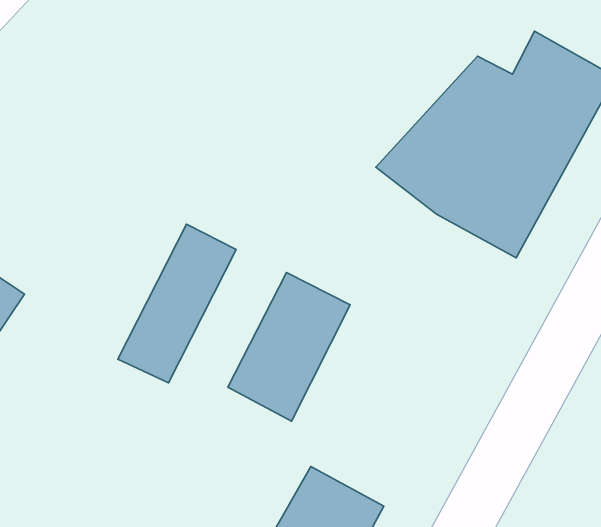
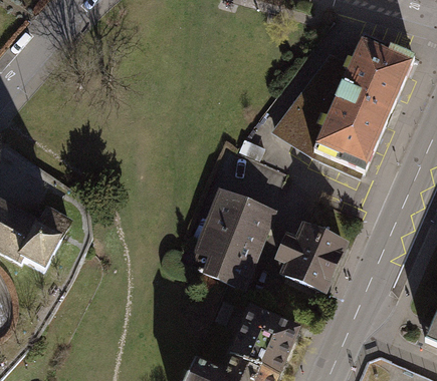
building: [118,224,236,383] -> none
building: none -> [277,228,343,291]

